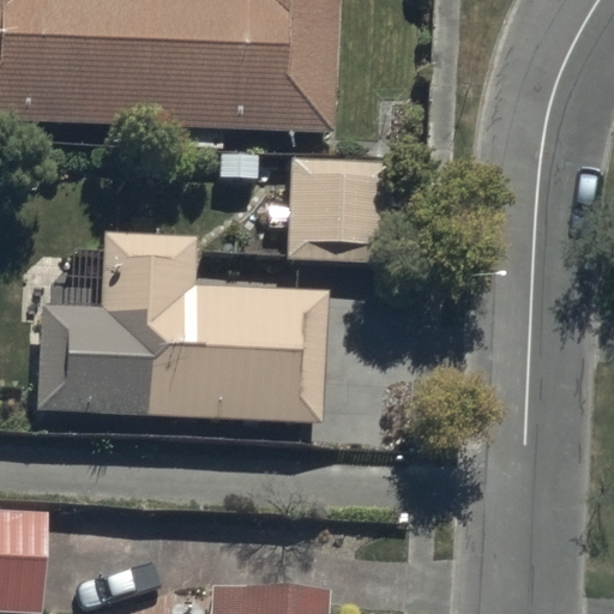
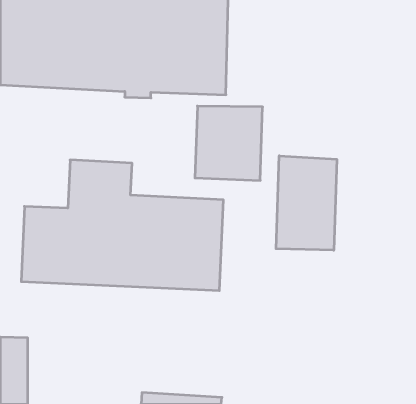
building: none -> [276,156,337,250]

